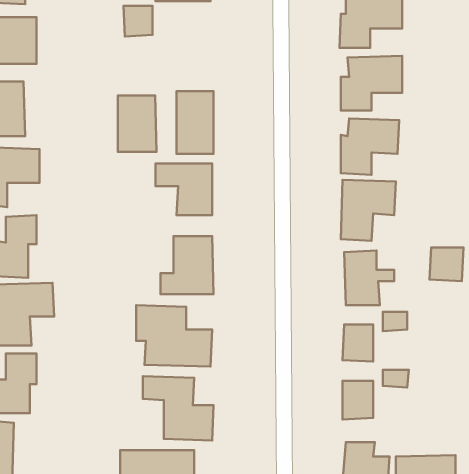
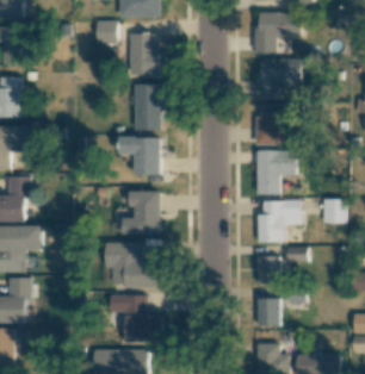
building: [118,96,157,152] -> [129,33,157,75]

